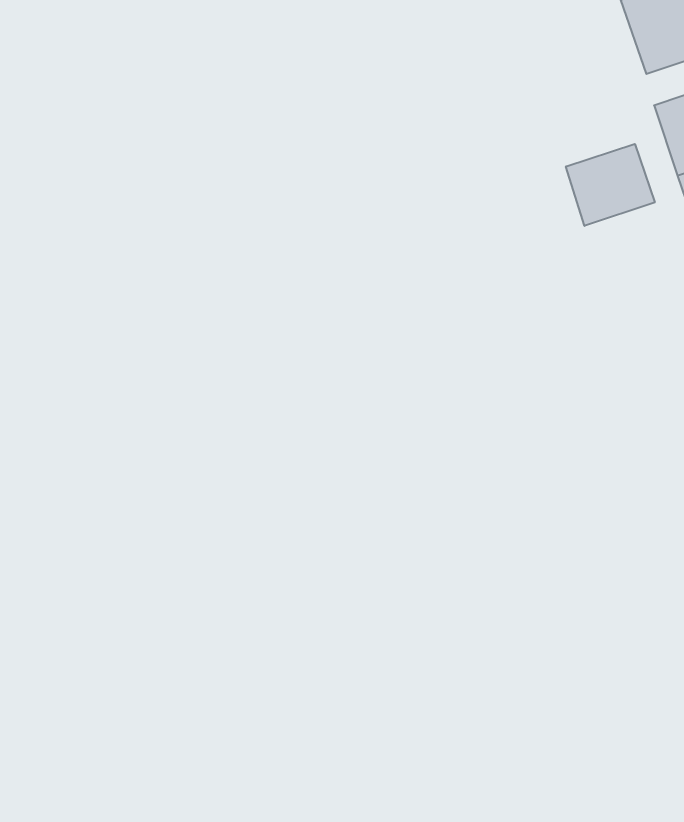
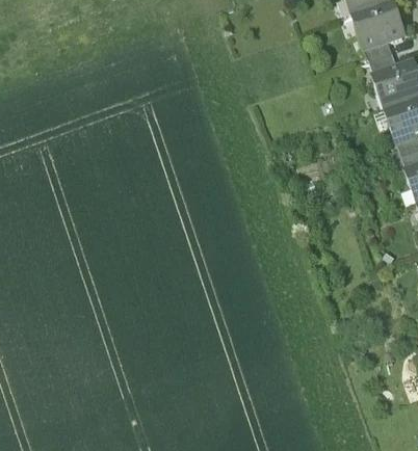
building: [566,144,655,226] -> none

